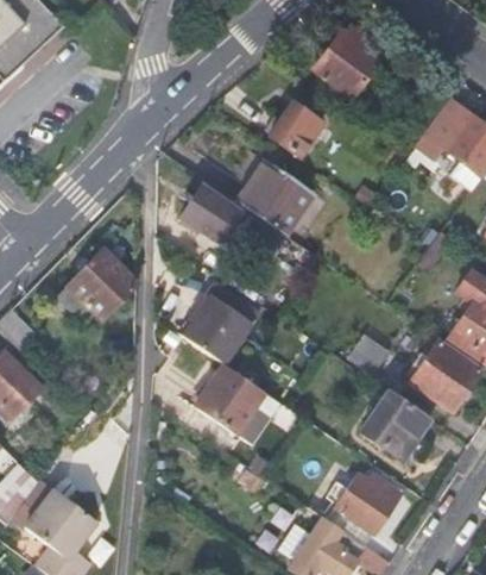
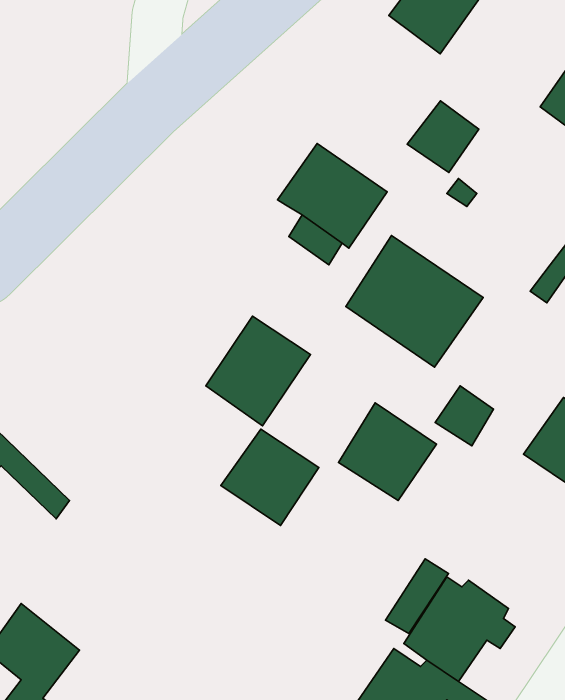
building: [270,102,321,154] -> [407,101,479,172]
building: [182,185,227,237] -> none
building: none -> [346,236,483,367]
building: [58,249,137,319] -> none
building: [361,388,431,458] -> [338,403,437,501]

